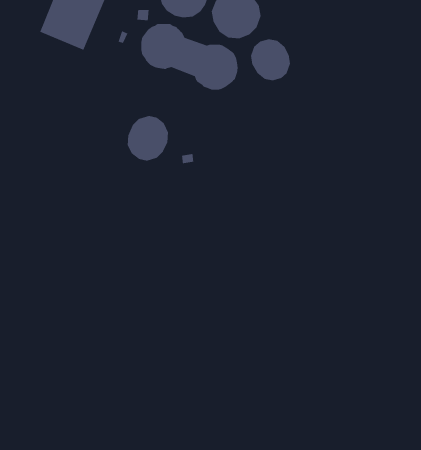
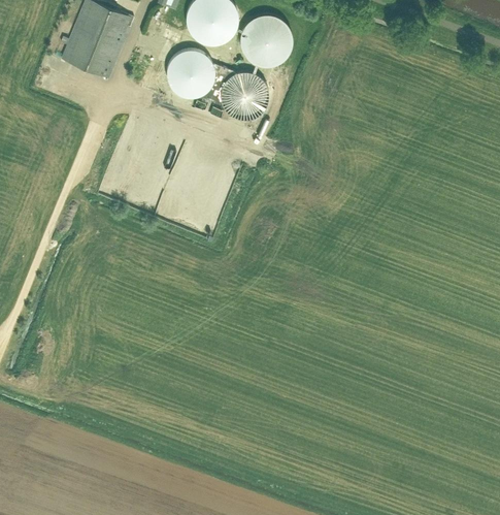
building: [250,38,291,81] -> none
building: [127,115,169,161] -> none

